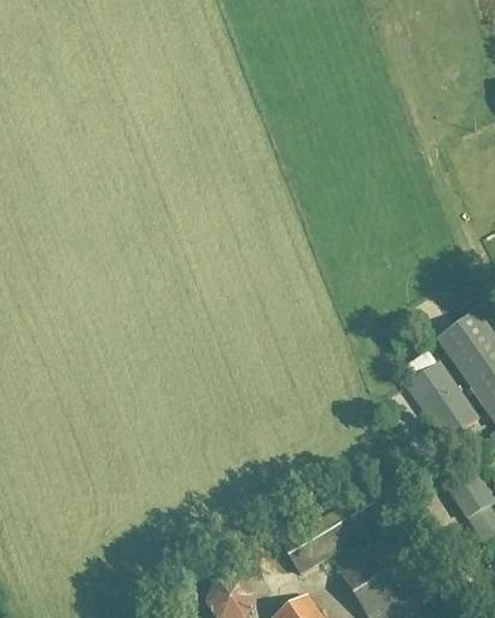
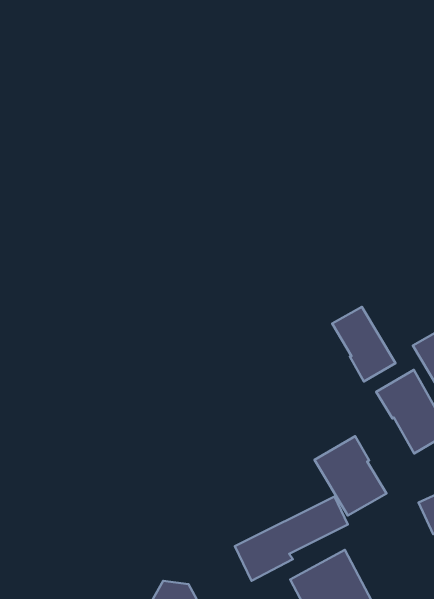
building: none -> [332,307,396,381]
building: none -> [314,436,386,516]

